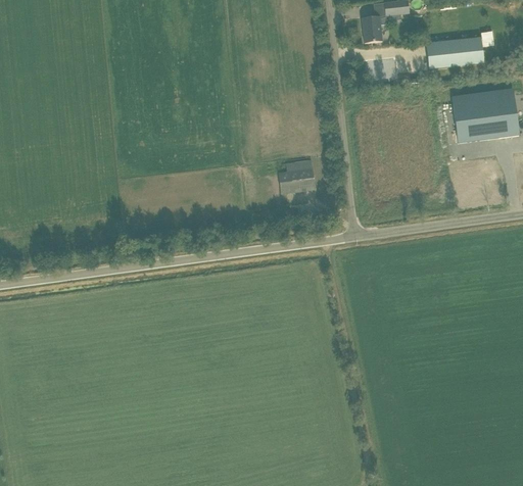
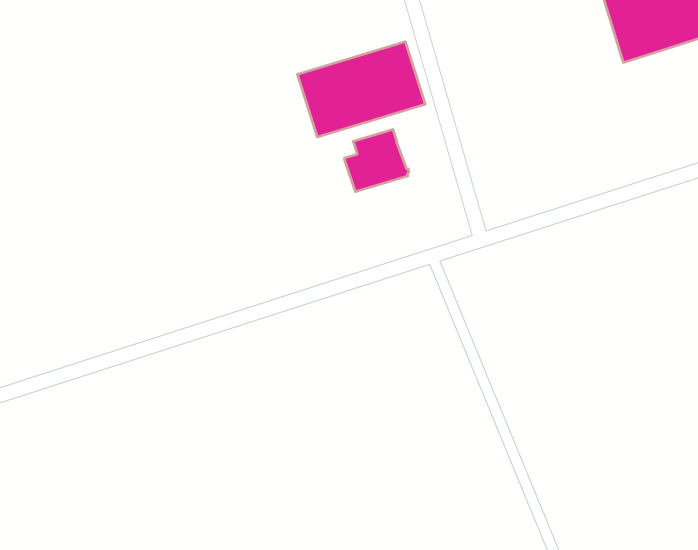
building: none -> [298,42,425,137]

